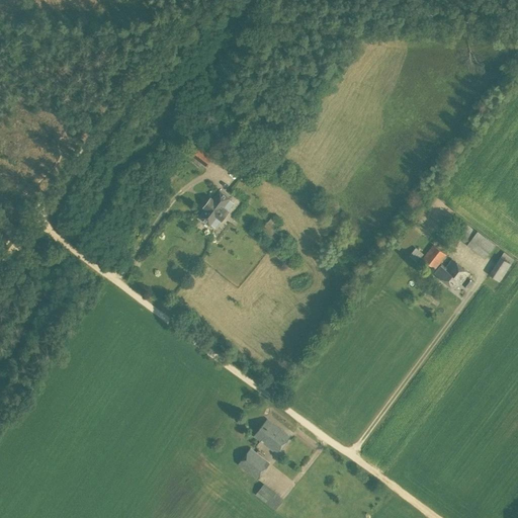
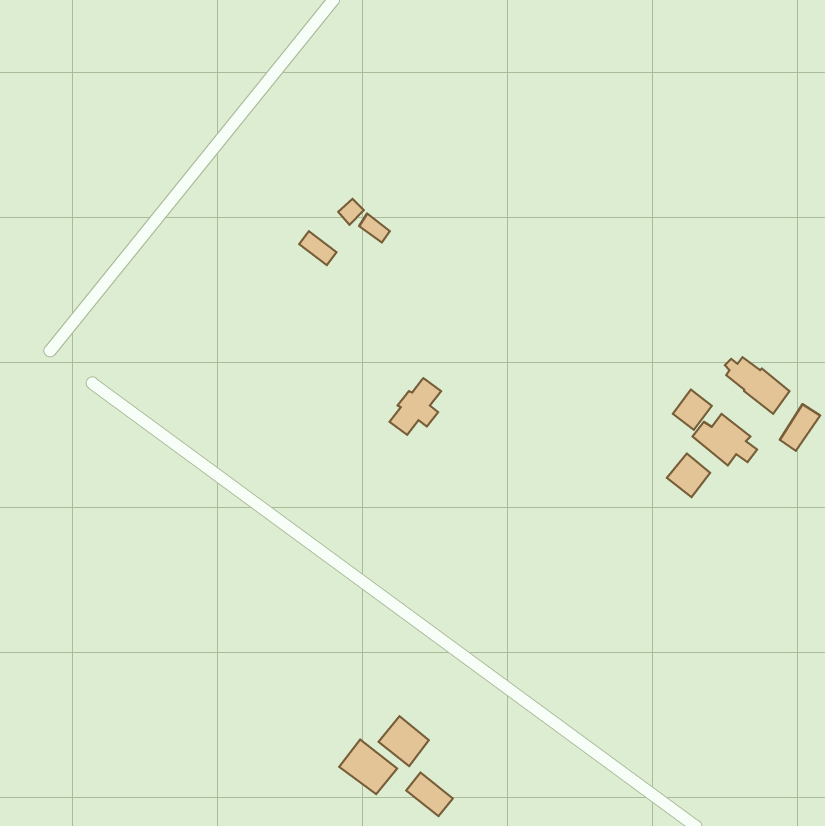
building: [197,190,230,226] -> [389,378,441,435]
building: none -> [667,453,710,497]
building: [253,419,289,453] -> [339,739,397,794]

